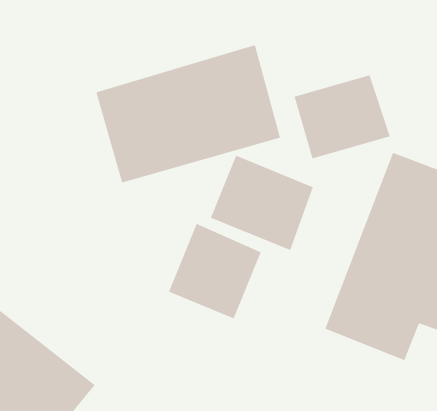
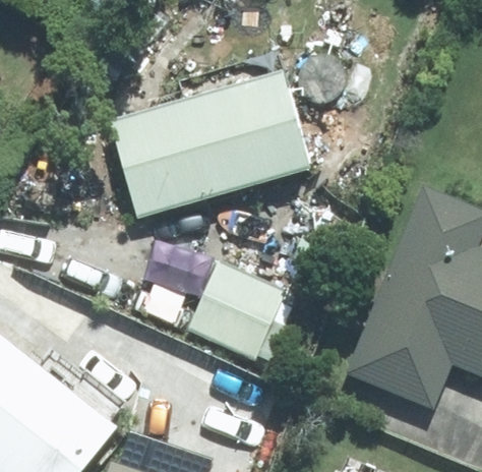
building: [294,75,391,159] -> none
building: [210,155,314,251] -> none

